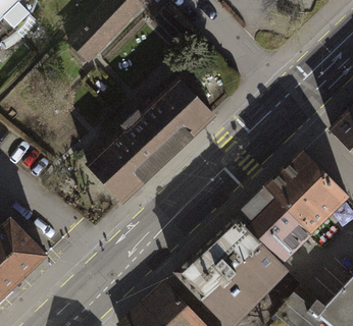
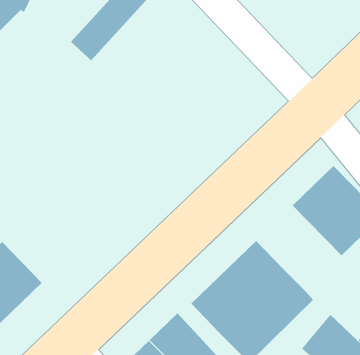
building: [89,80,214,202] -> none
building: [236,187,311,263] -> none

